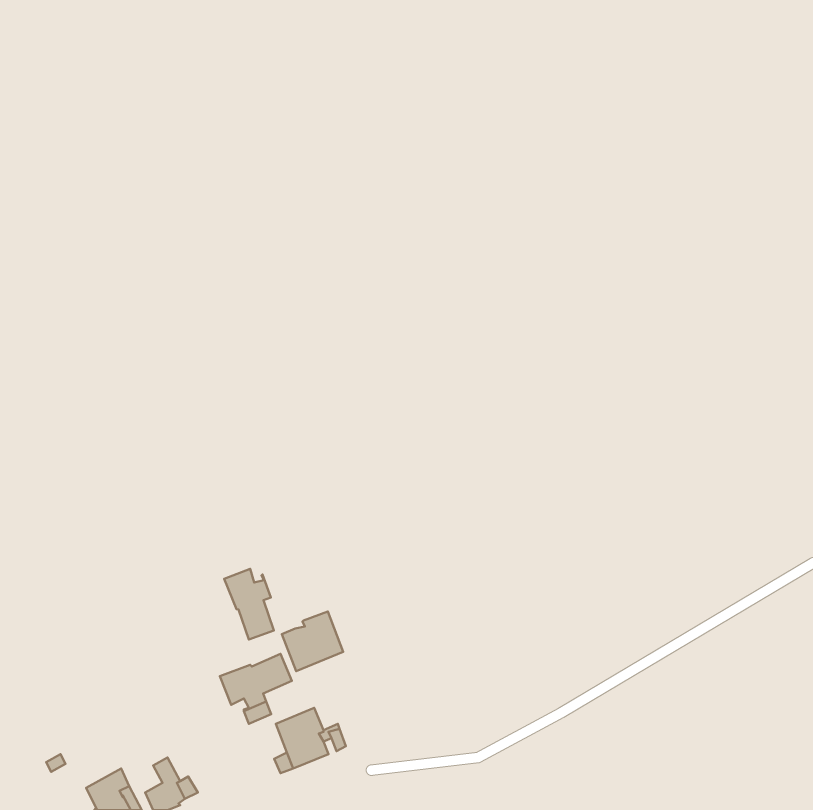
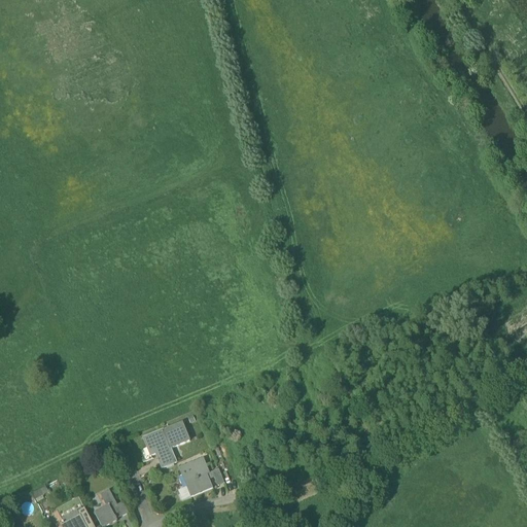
building: [224,569,274,640] -> none
building: [282,612,343,671] -> none

